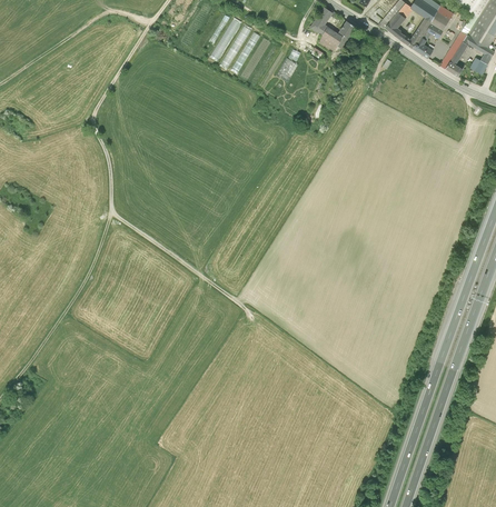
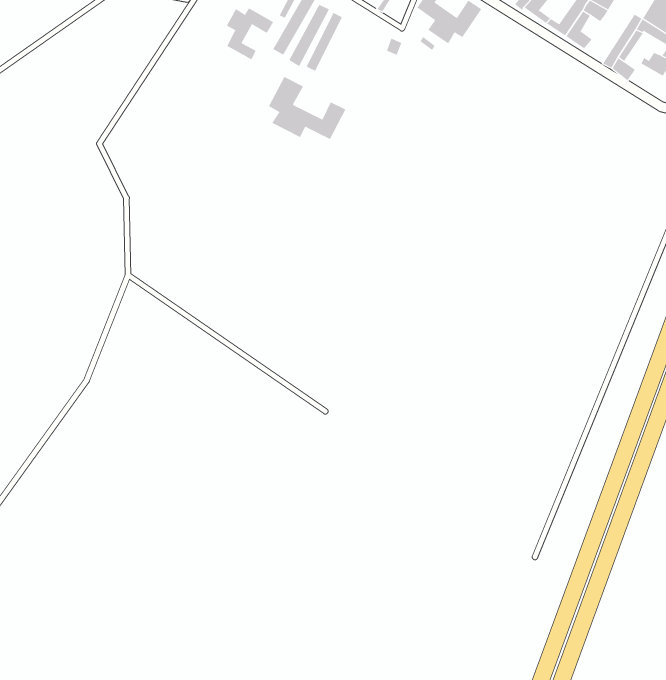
building: none -> [226,8,274,60]
building: none -> [268,76,346,140]

